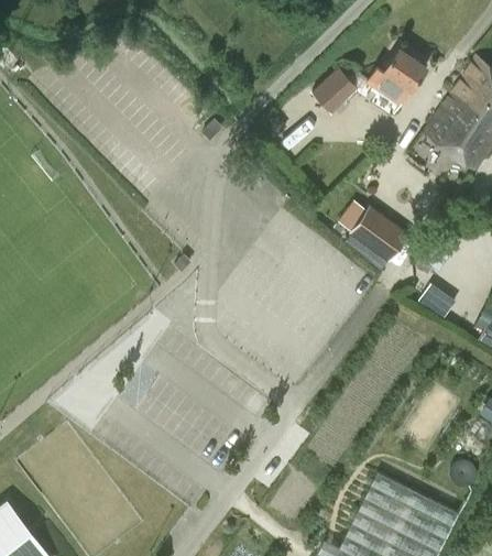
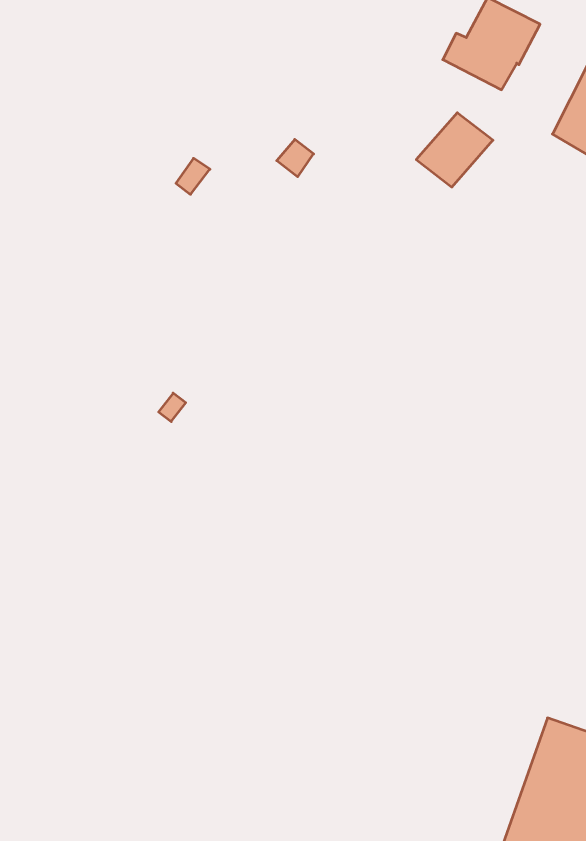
building: [310,68,357,111] -> [416,113,493,187]
building: [350,207,407,260] -> none

